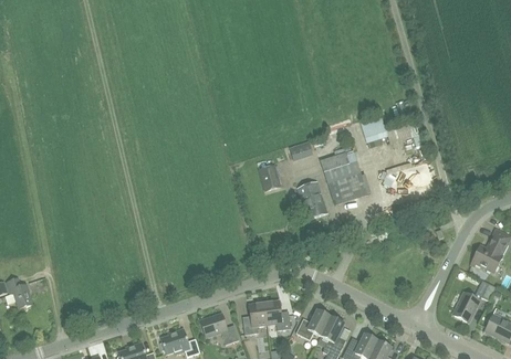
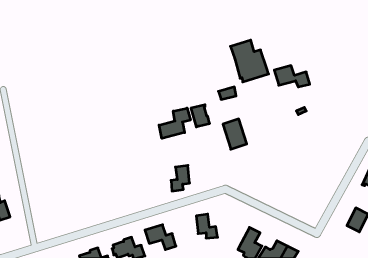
building: [319,151,366,203] -> [230,40,269,82]
building: none -> [159,108,190,138]
building: [242,302,265,334] -> [171,165,190,191]
building: [295,308,330,339] -> none

